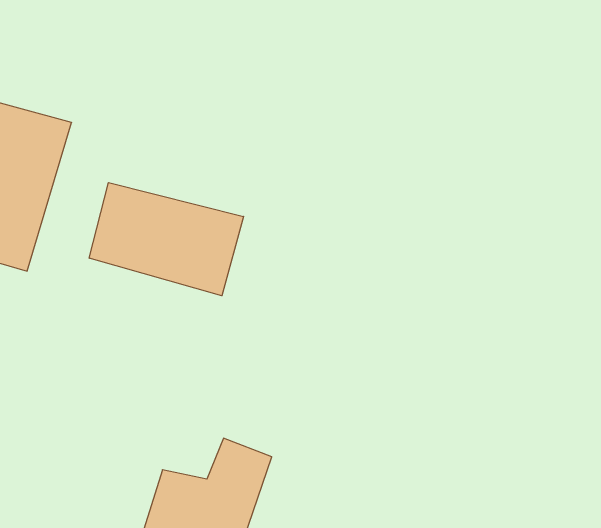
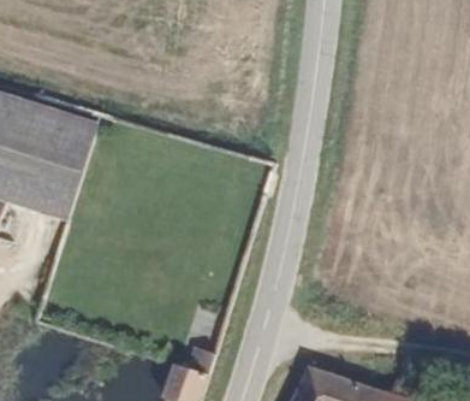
building: [89,183,244,296] -> none

